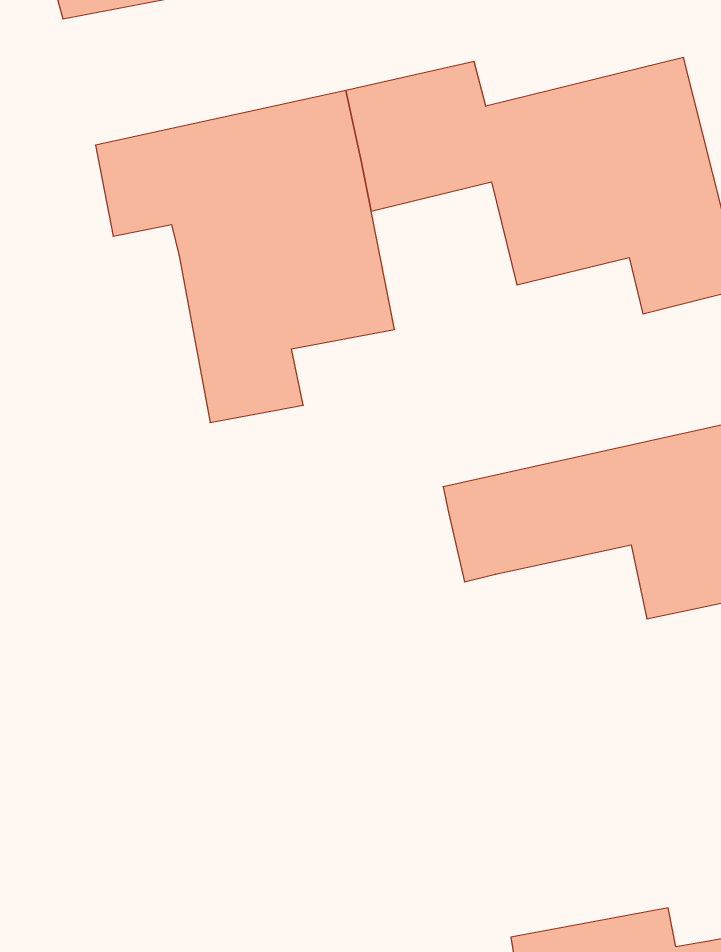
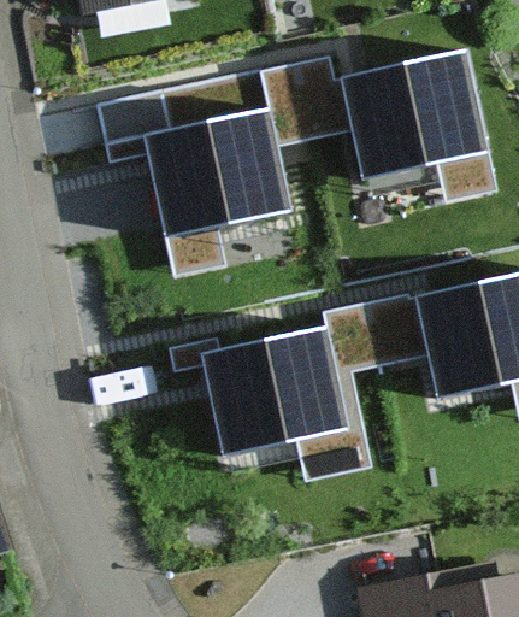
building: none -> [165,330,371,482]

